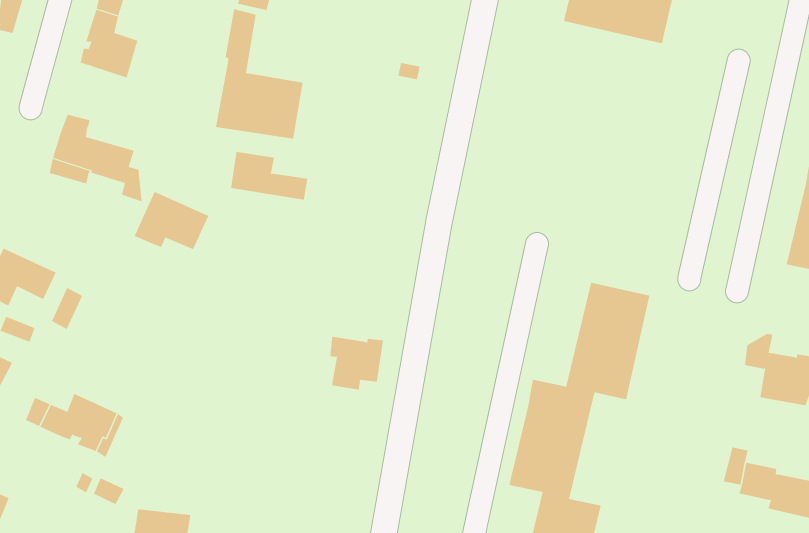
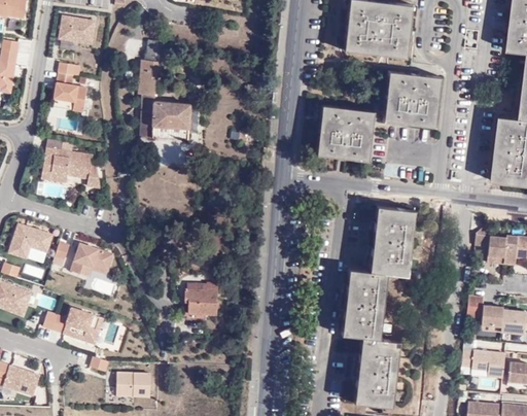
building: none -> [381,72,438,127]
building: none -> [314,103,372,162]
building: [231,151,308,201] -> none
building: [134,191,209,250] -> [70,244,114,278]
building: [329,336,384,390] -> [185,288,217,320]

